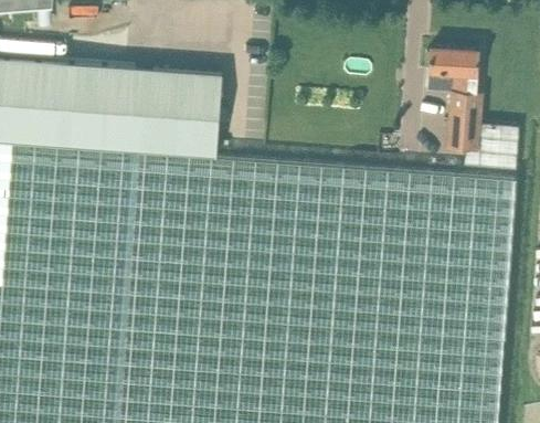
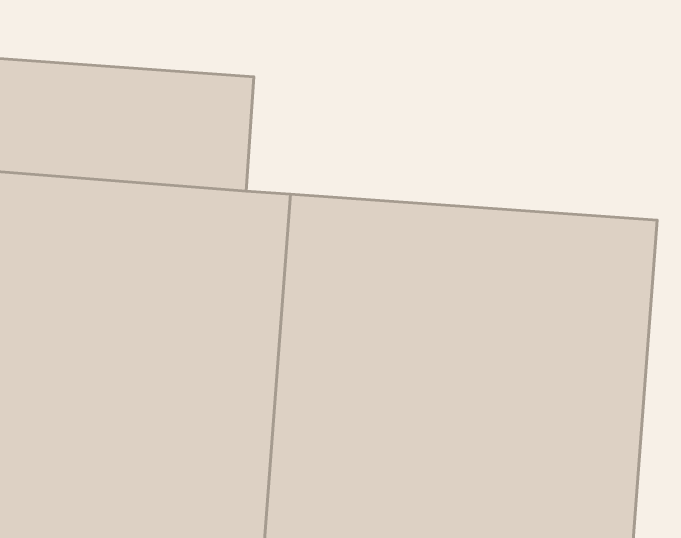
building: [425,47,519,170] -> none

